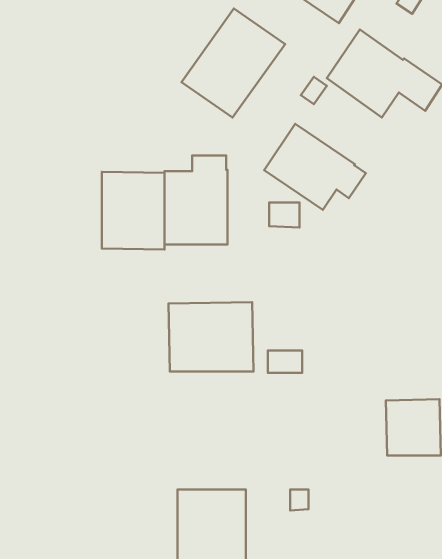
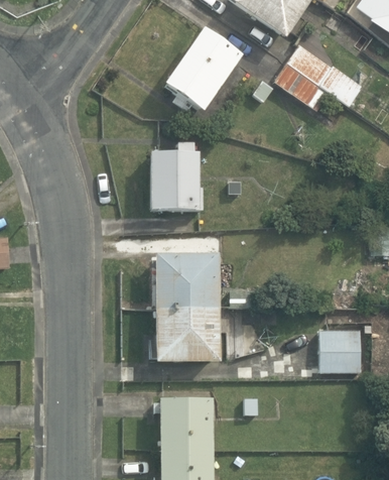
building: [264,124,366,210] -> none
building: [102,172,165,249] -> none
building: none -> [154,307,219,362]

